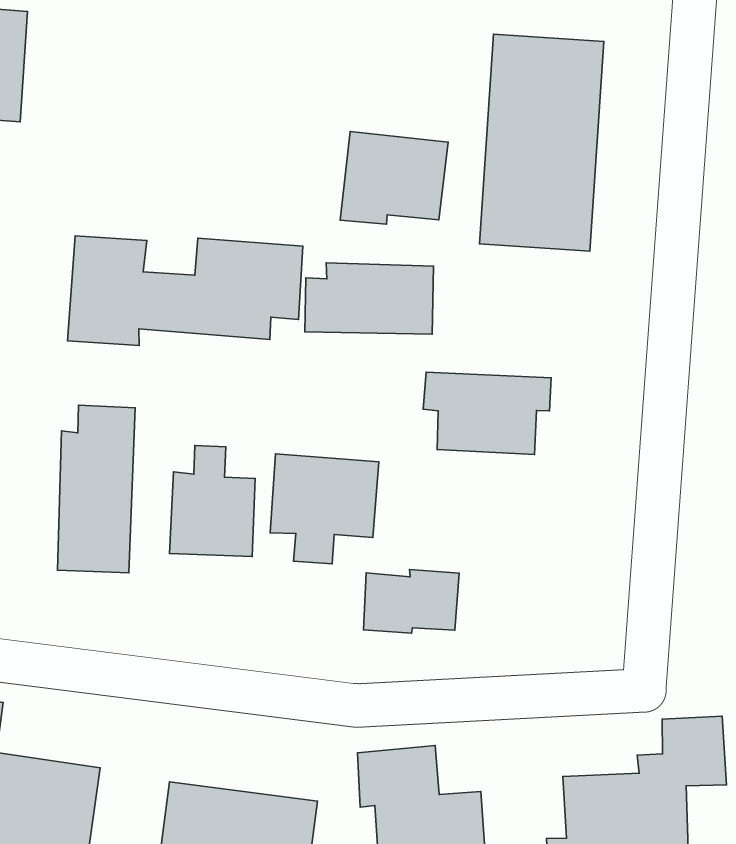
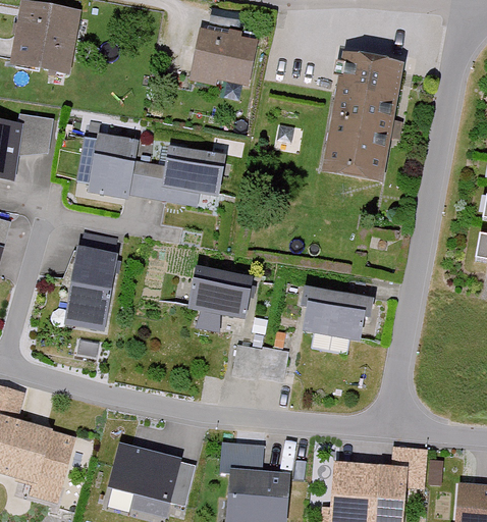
building: [340,132,448,224] -> [192,27,257,82]
building: [305,263,434,334] -> none
building: [423,372,551,455] -> [295,292,369,345]
building: [170,446,255,557] -> none

